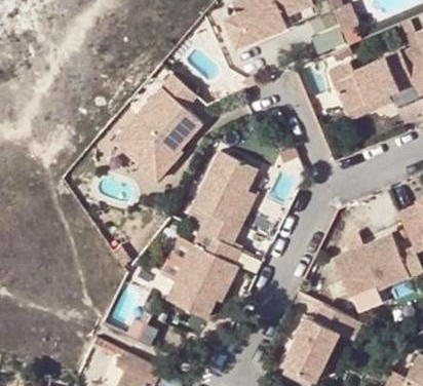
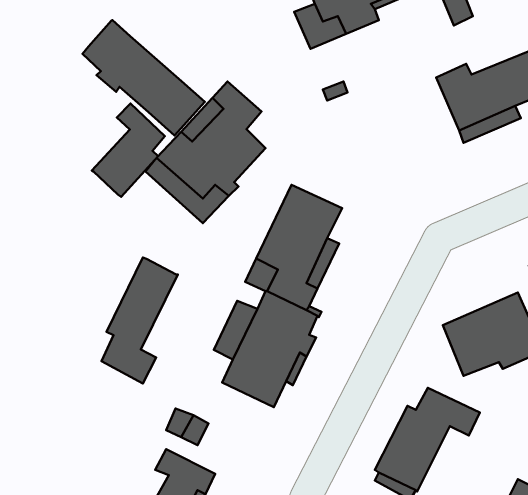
building: none -> [82,20,205,135]
building: none -> [92,104,165,197]
building: none -> [102,258,178,383]

